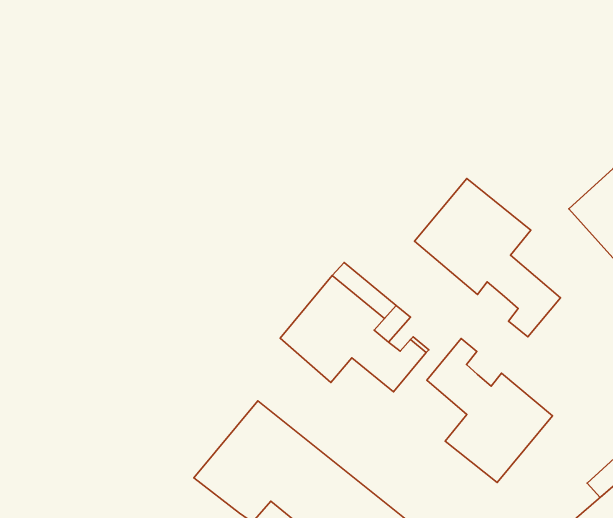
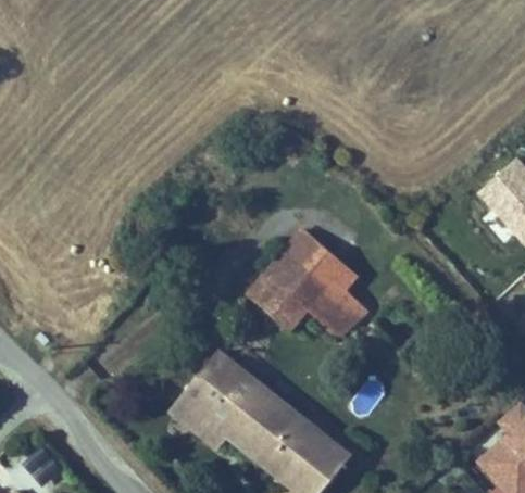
building: [414,179,560,337] -> none
building: [427,339,553,482] -> none

